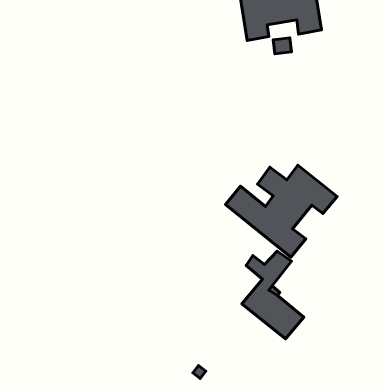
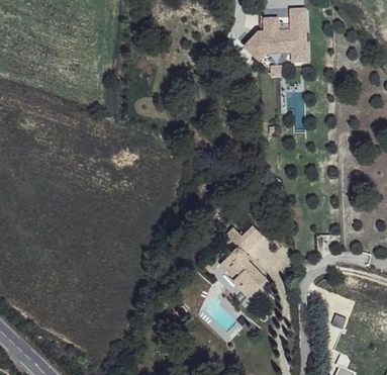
building: [225,165,337,257] -> none

